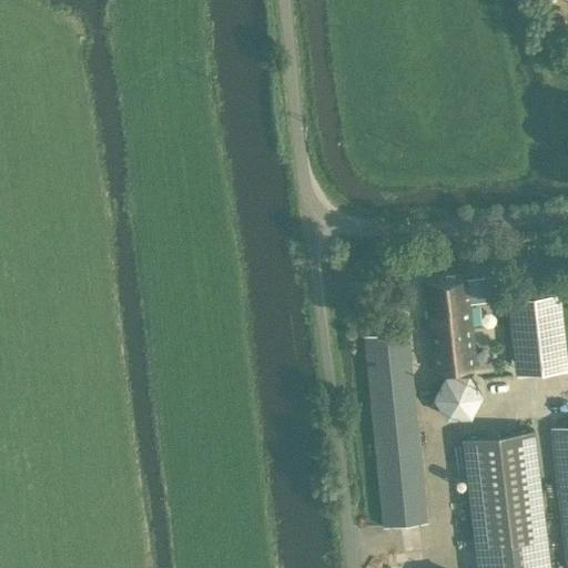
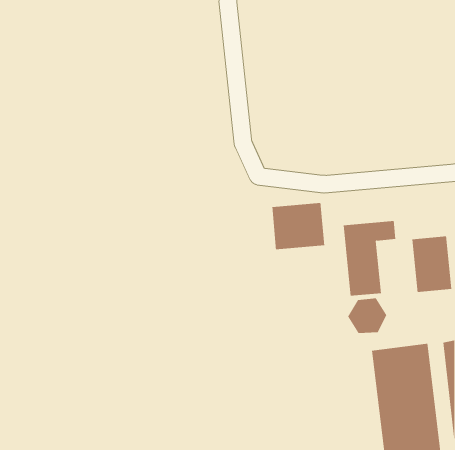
building: none -> [272,202,325,250]
building: [367,337,430,532] -> none

